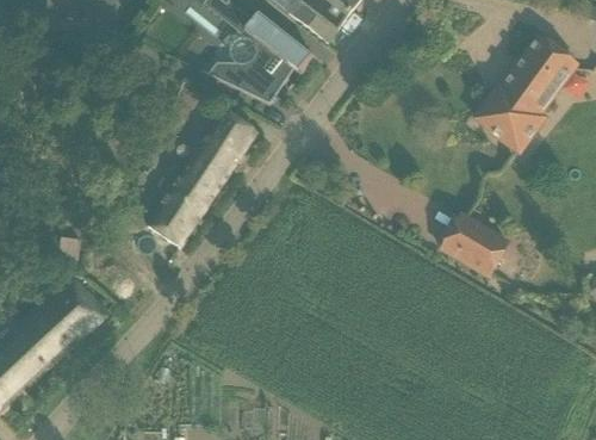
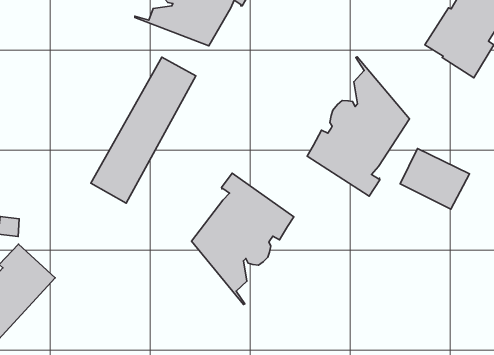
building: none -> [307,57,410,196]
building: none -> [191,173,294,304]

